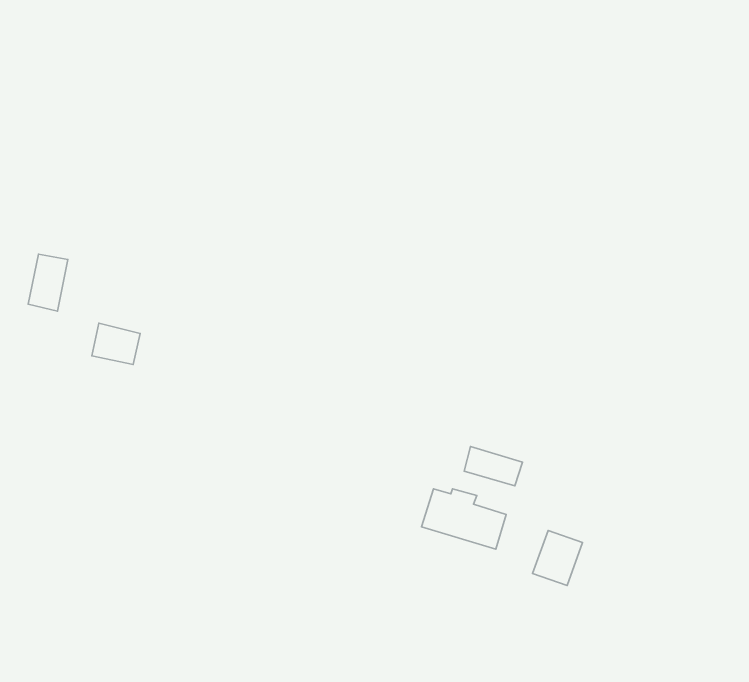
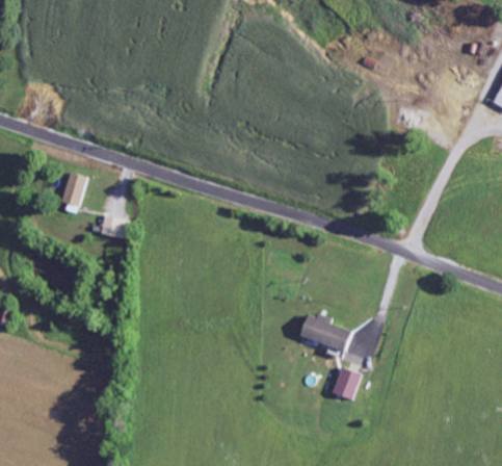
building: [464,447,523,486] -> none
building: [533,530,583,586] -> [331,367,361,400]

